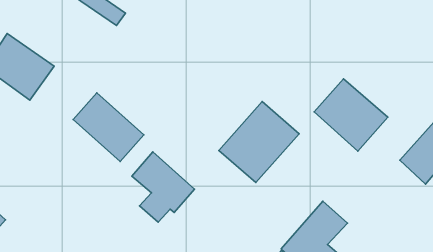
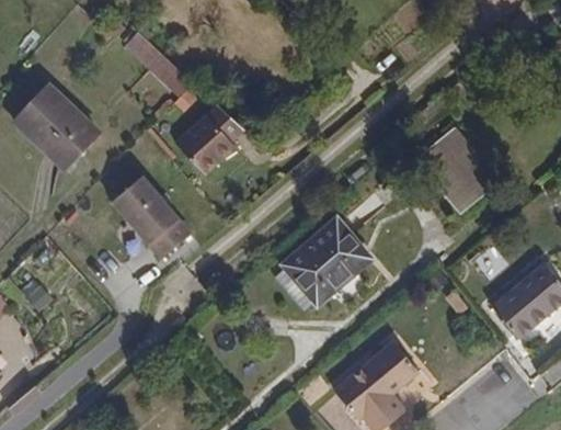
building: none -> [174,102,241,176]
building: [314,79,388,151] -> [415,124,502,213]
building: [132,152,194,222] -> none

